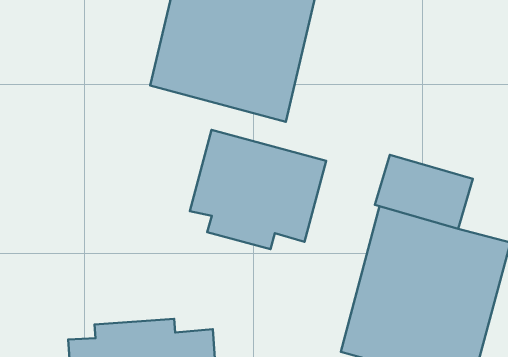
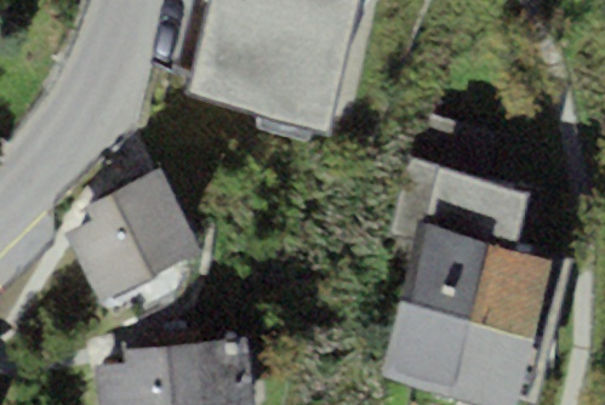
building: [190,130,326,249] -> none
building: none -> [65,170,201,302]

